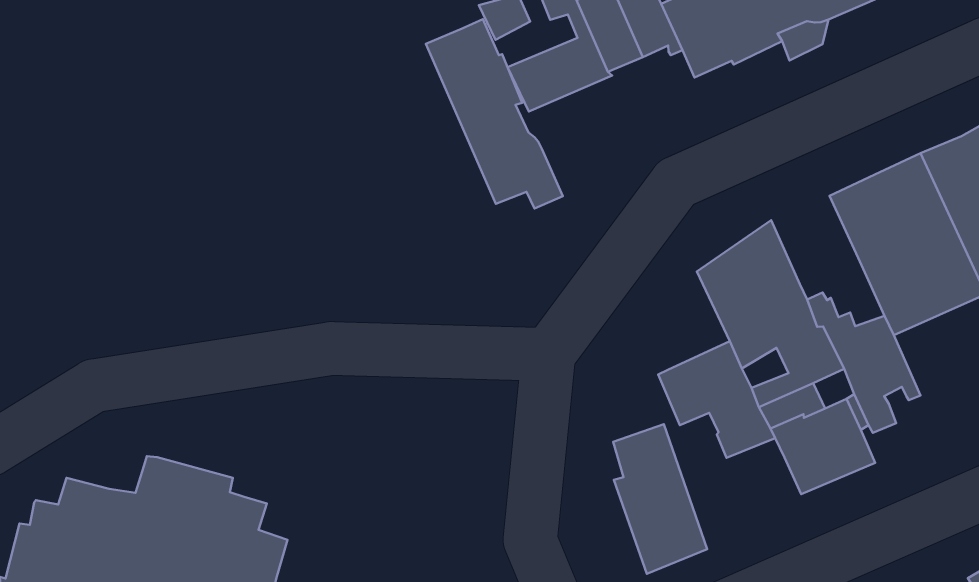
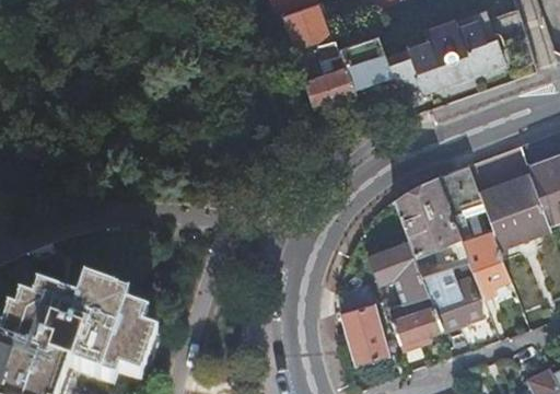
building: [426,19,563,208] -> none
building: none -> [436,166,482,213]
building: none -> [393,308,442,350]

